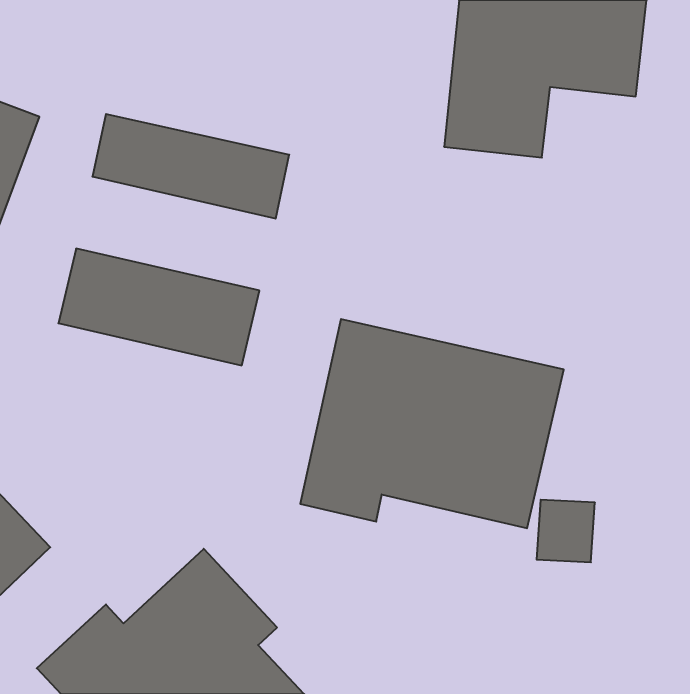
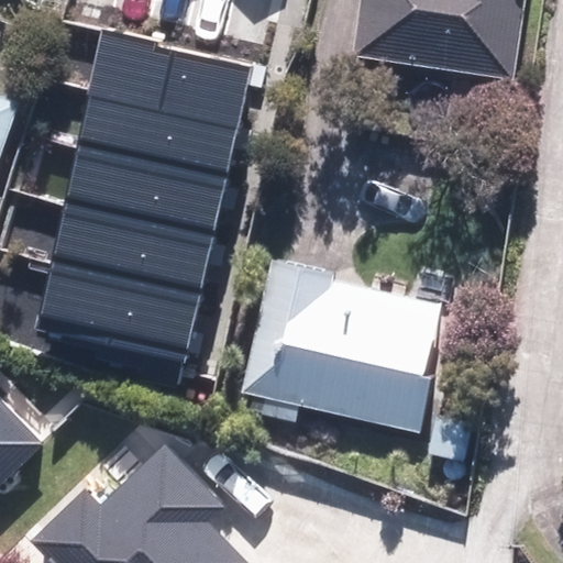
building: none -> [86,32,249,125]
building: none -> [62,143,223,235]
building: none -> [32,262,196,363]

